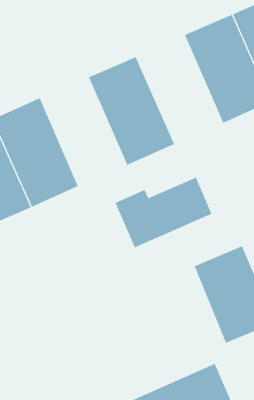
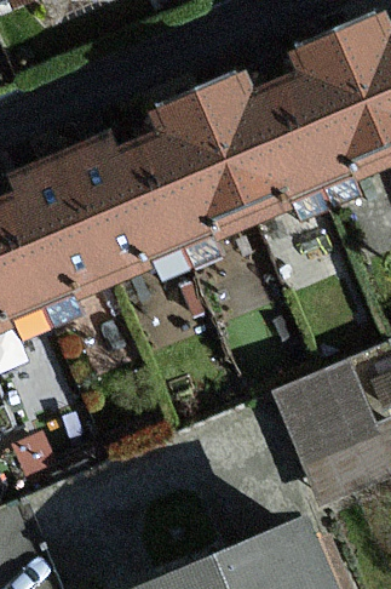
building: none -> [199,64,321,218]
building: none -> [63,124,185,278]
building: [115,177,212,248] -> none

